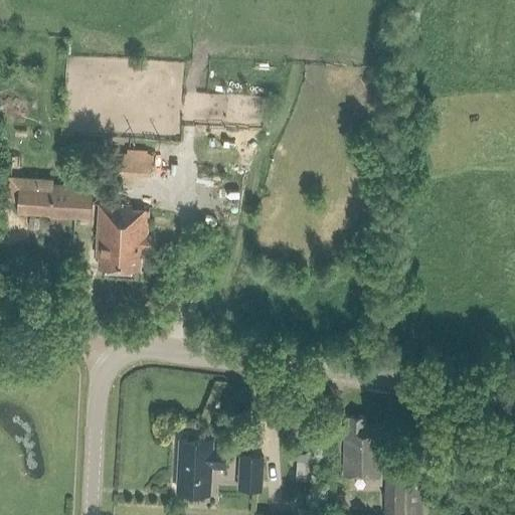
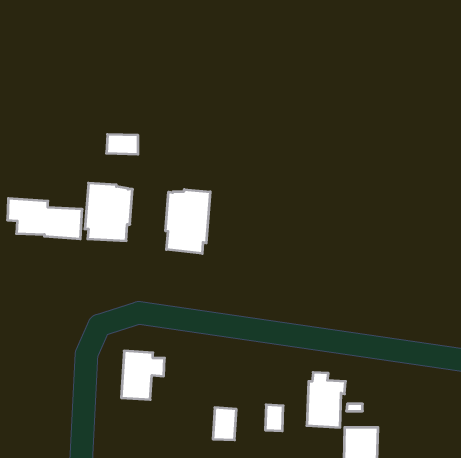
building: [8,178,92,223] -> [7,198,82,239]
building: none -> [166,189,210,254]
building: [177,442,225,496] -> [121,351,165,400]

